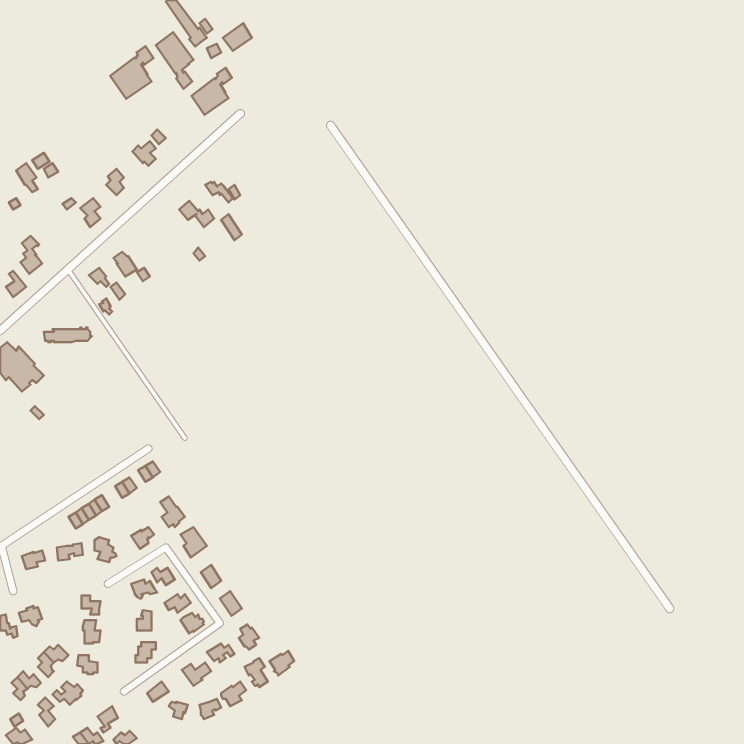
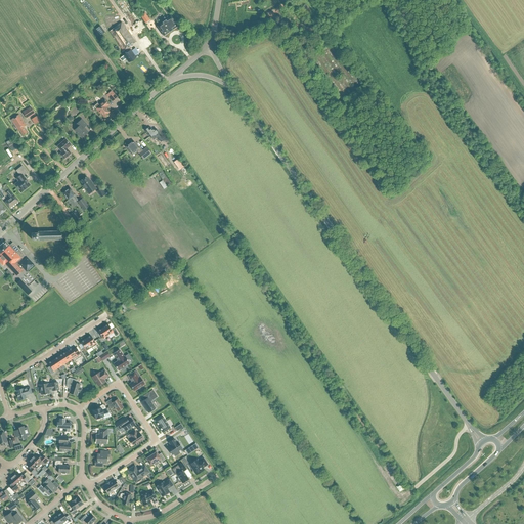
building: [110,46,153,99] -> none
building: [191,68,232,115] -> none

